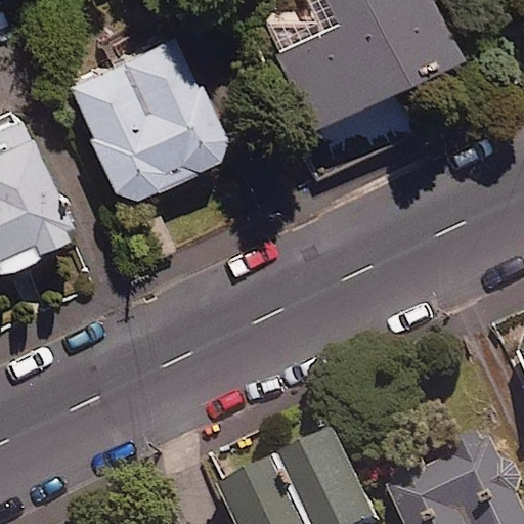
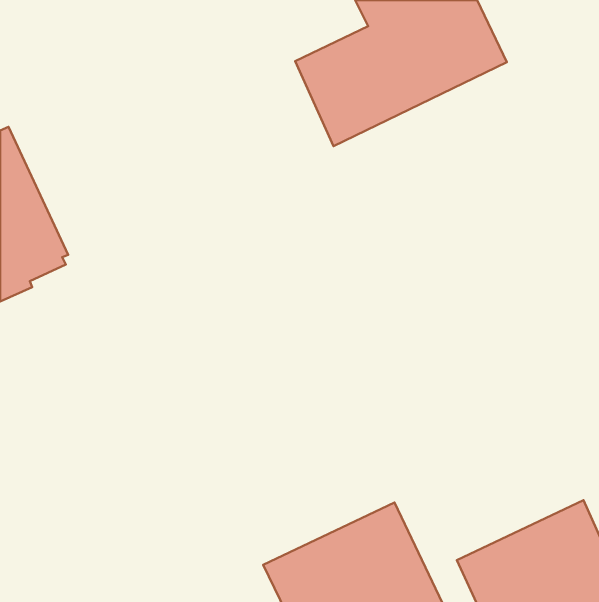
building: [69,38,228,196] -> none

